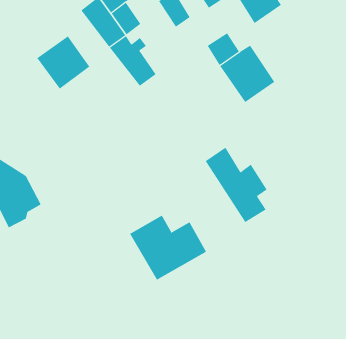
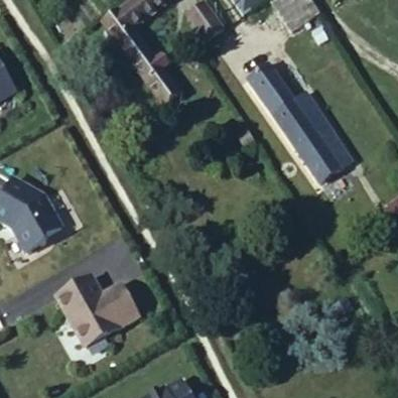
building: [37,36,90,90] -> none
building: [205,147,267,223] -> [278,104,345,184]
building: [129,215,207,280] -> [53,278,136,348]

